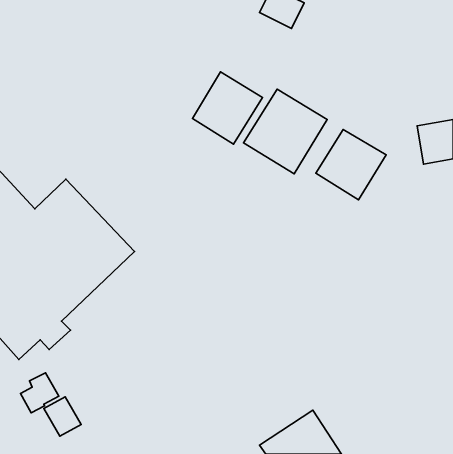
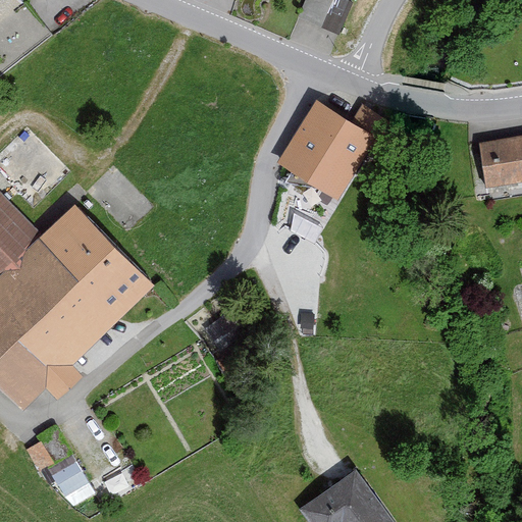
building: [193,72,262,144] -> none
building: [316,129,386,200] -> none

